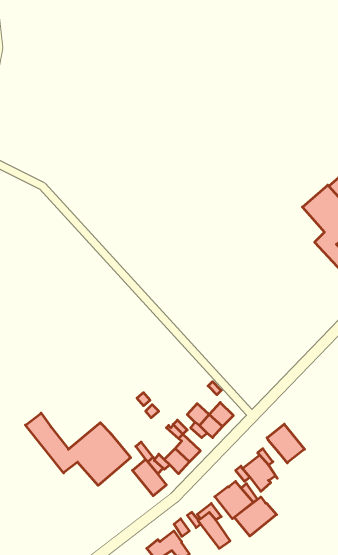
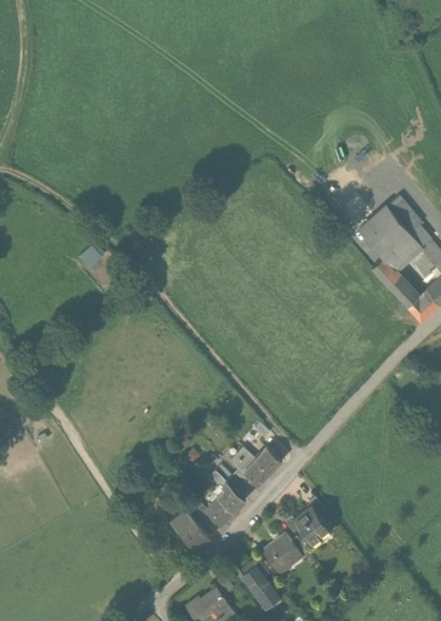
building: [25,413,131,485] -> none
building: [267,424,305,463] -> none
building: [234,497,277,536] -> none

